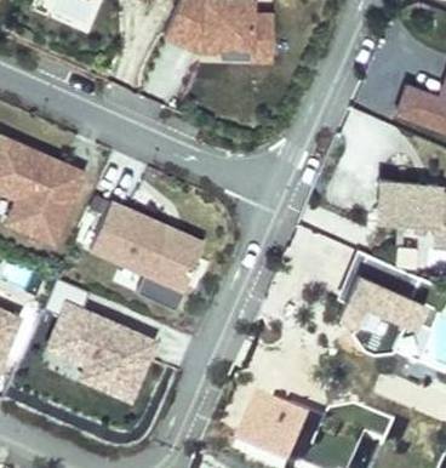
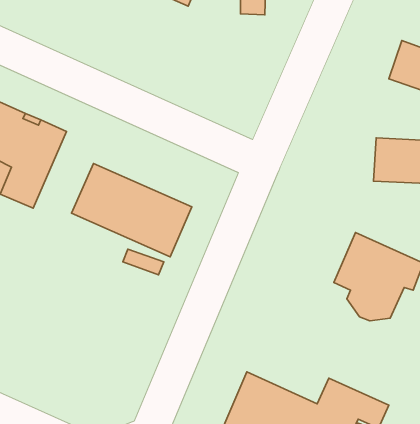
building: [44,276,154,395] -> none

